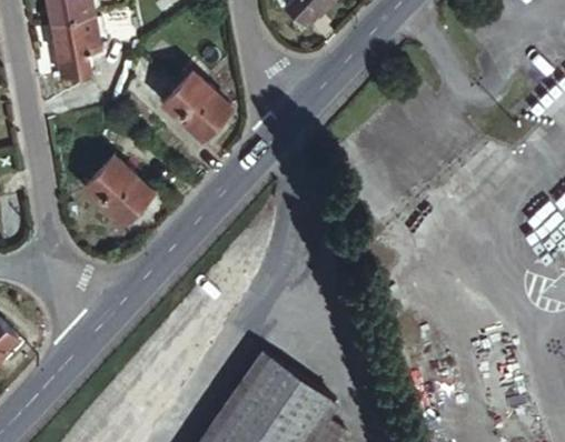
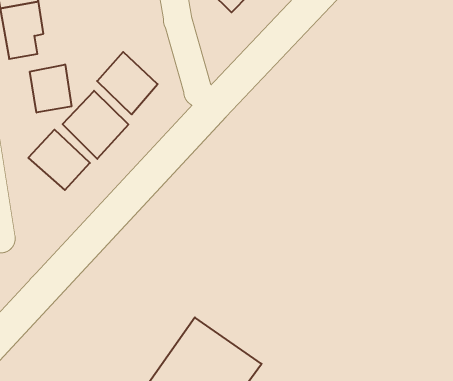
building: none -> [30,64,71,113]
building: none -> [63,91,128,159]

